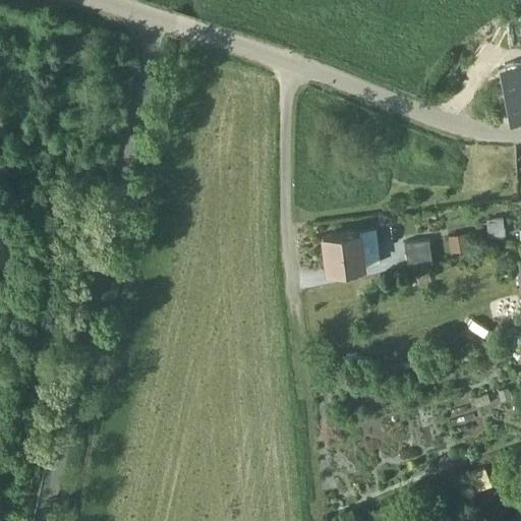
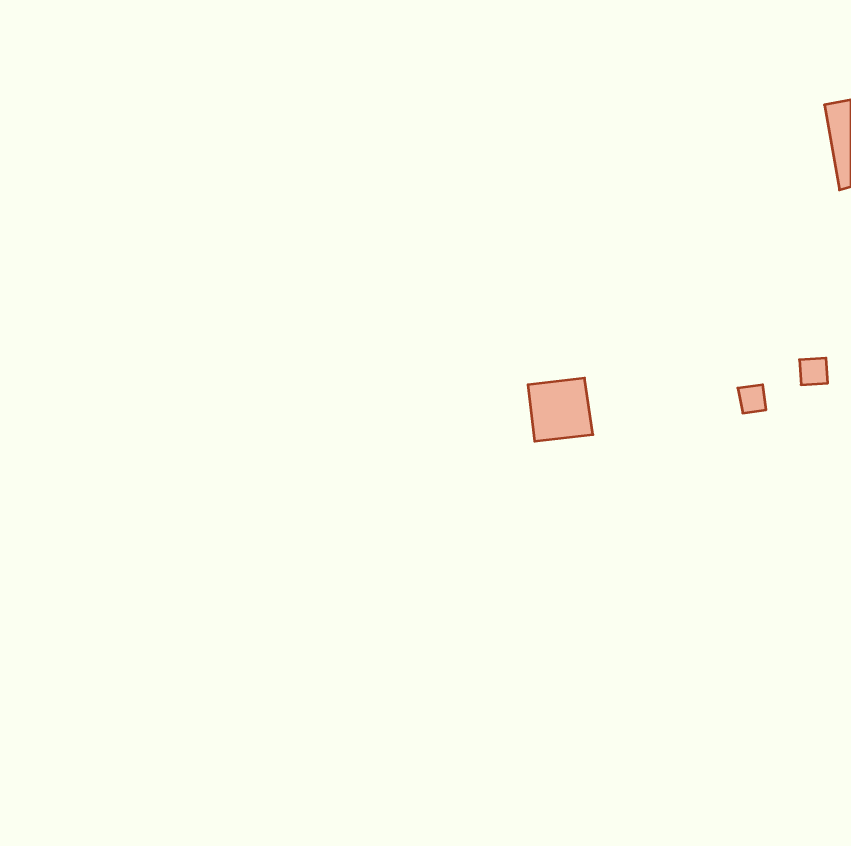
building: [357,232,378,269] -> none
building: [403,242,432,271] -> none

